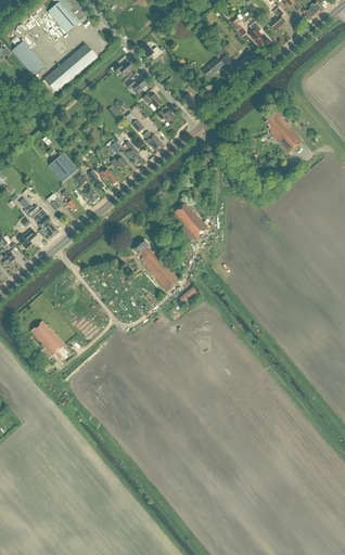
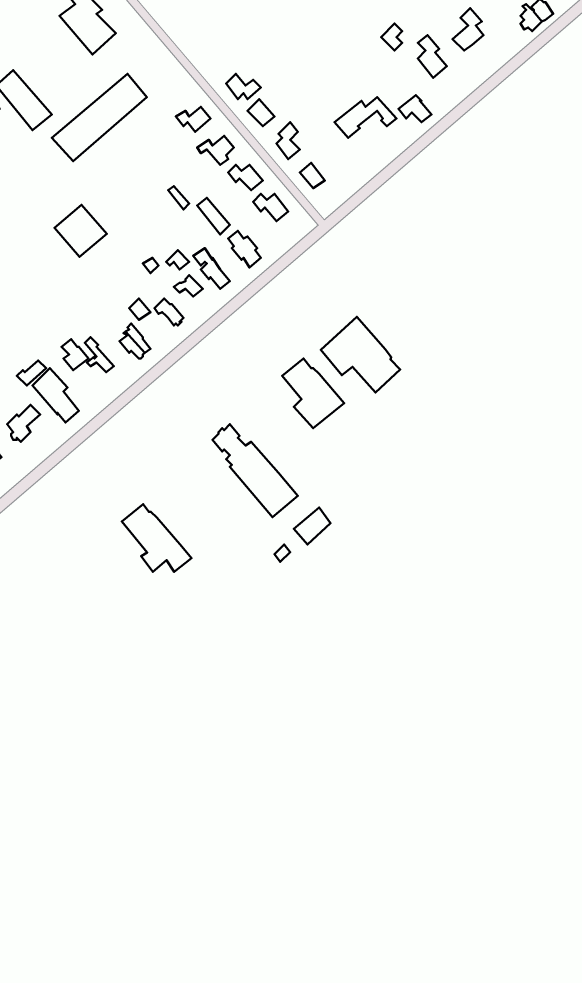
building: [266,112,303,153] -> none
building: [48,153,77,182] -> [54,205,107,257]
building: none -> [321,317,400,392]
building: [30,321,69,359] -> [122,504,192,572]

